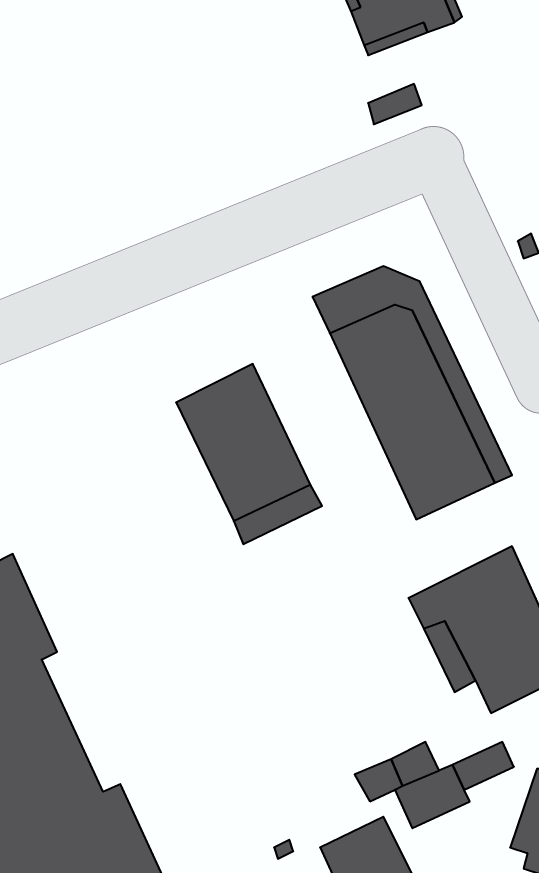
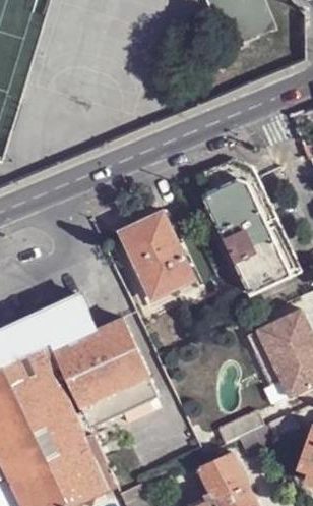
building: none -> [34,292,156,430]

